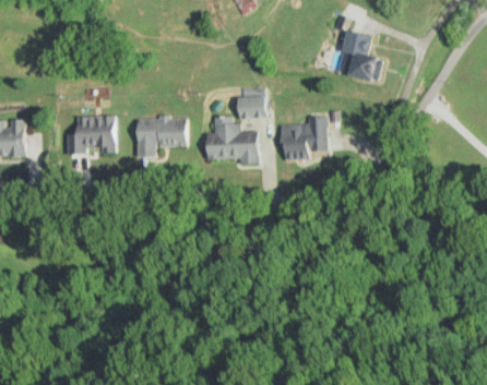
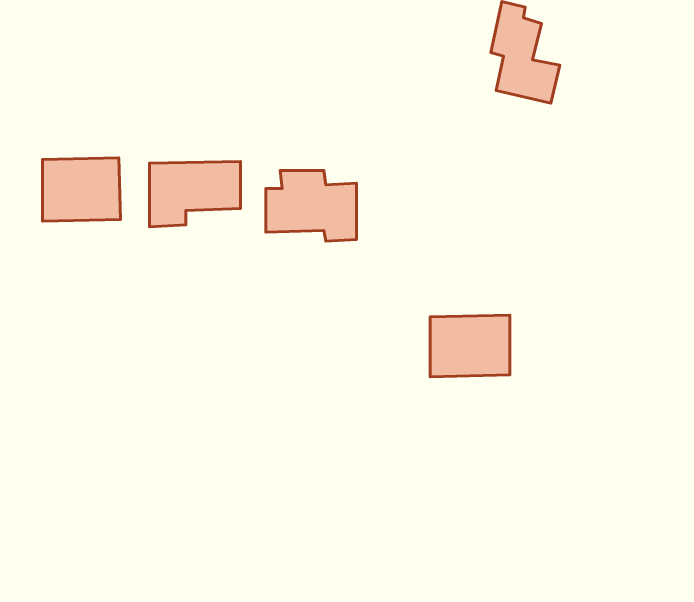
building: [238,98,263,116] -> none
building: [281,119,329,156] -> [430,315,510,377]

